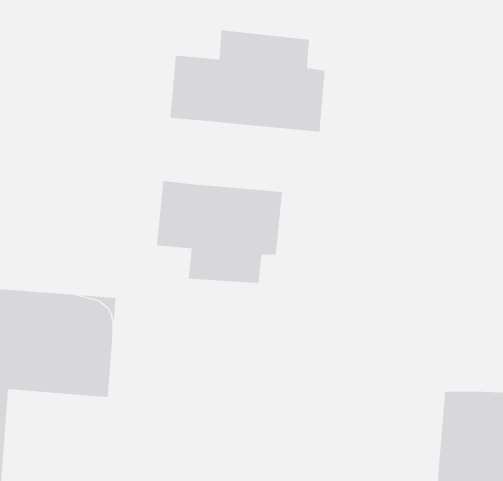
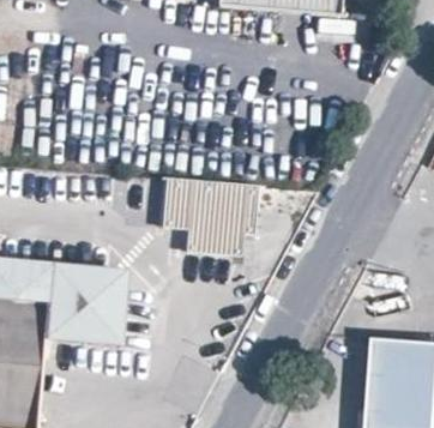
building: [170,29,325,132] -> none

